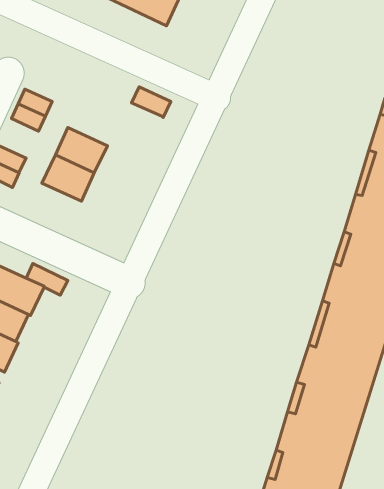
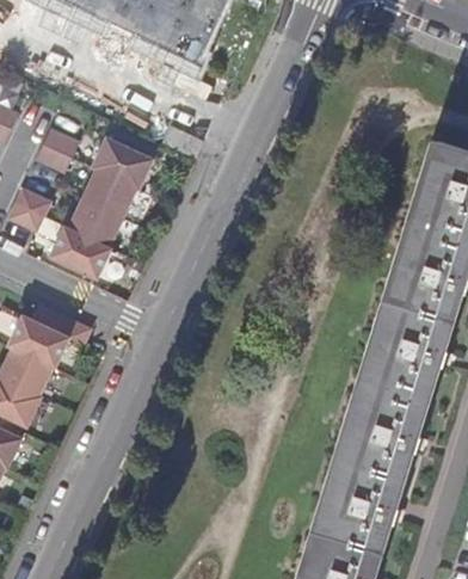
building: none -> [92,136,154,190]
building: none -> [50,226,112,279]

